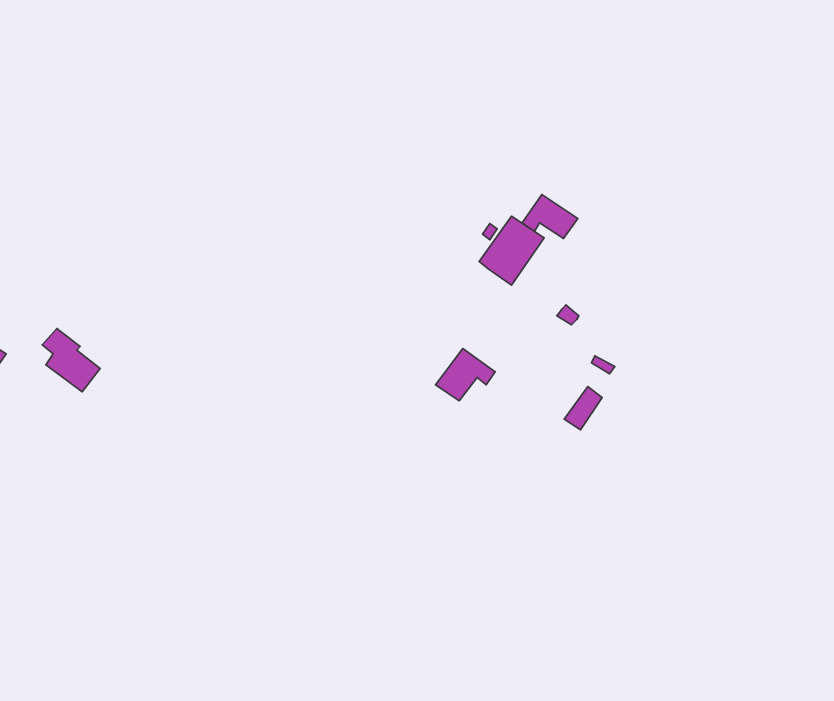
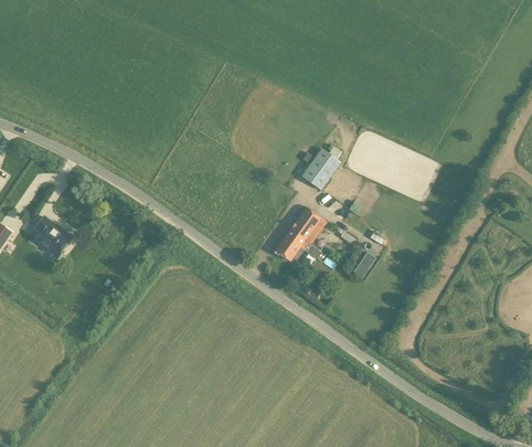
building: [522,194,578,238] -> none
building: none -> [290,206,326,243]

